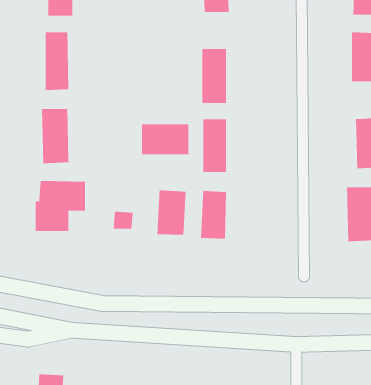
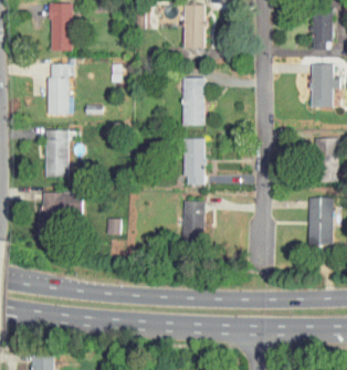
building: [141,123,189,155] -> none
building: [157,189,186,236] -> none

